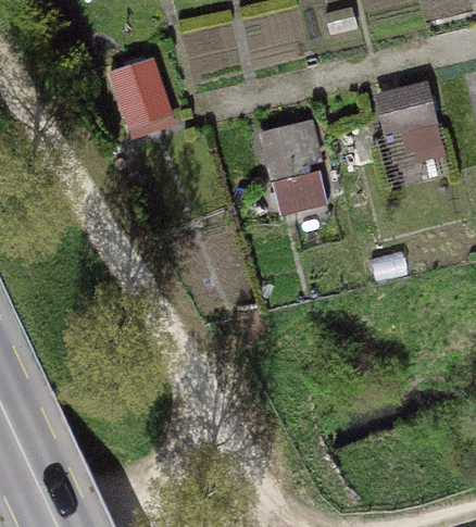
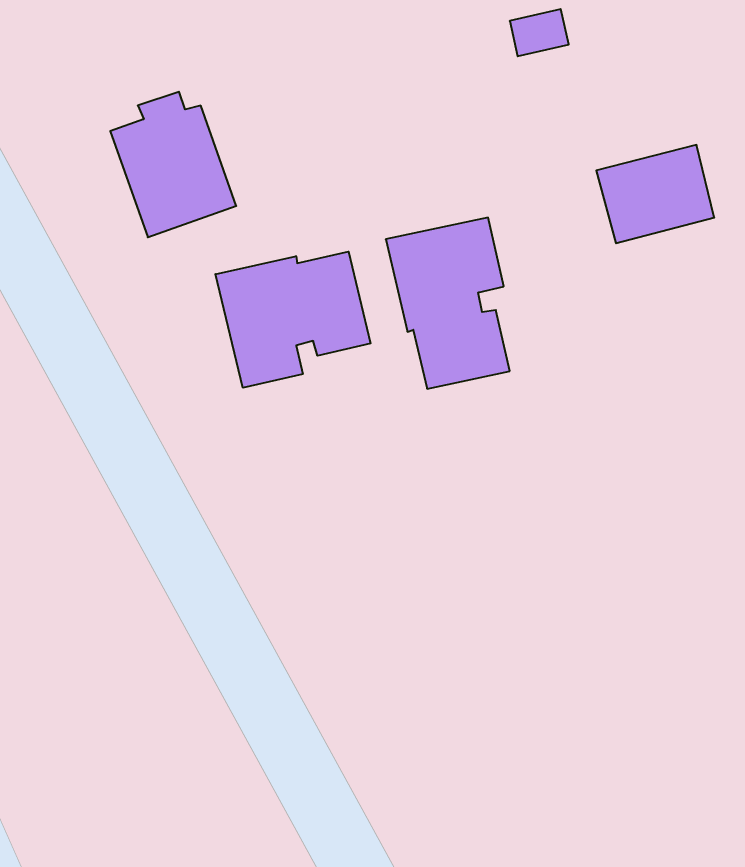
building: none -> [215,252,371,388]

